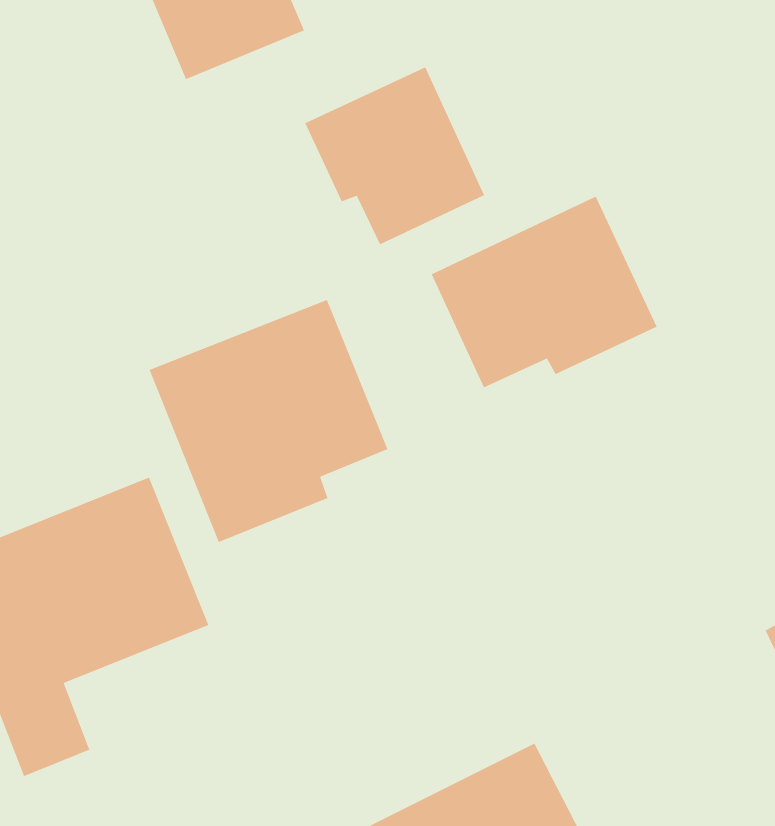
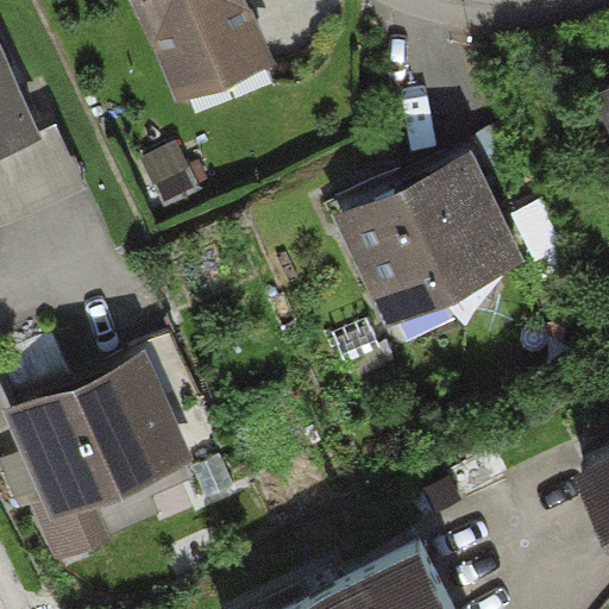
building: [304,66,485,245] -> none
building: [149,299,388,543] -> none

